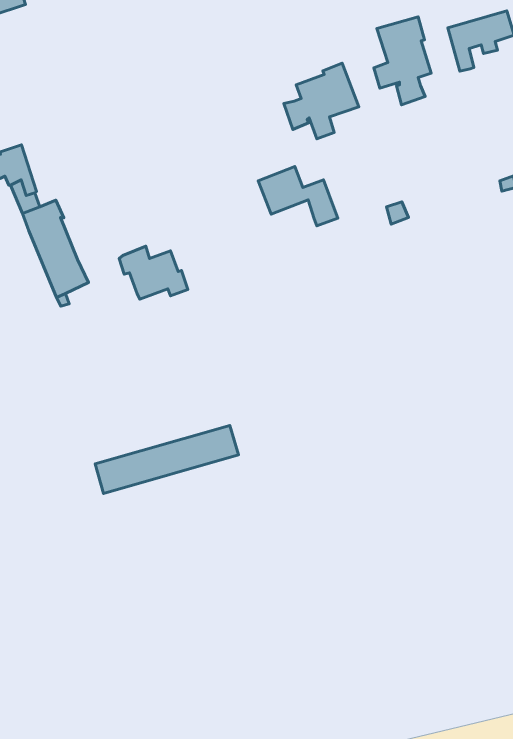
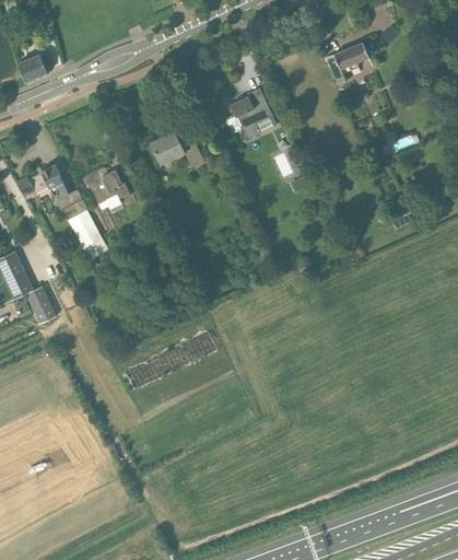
building: [374,17,431,105] -> none
building: [258,167,338,226] -> [151,130,205,167]
building: [119,246,188,299] -> [83,167,130,202]

